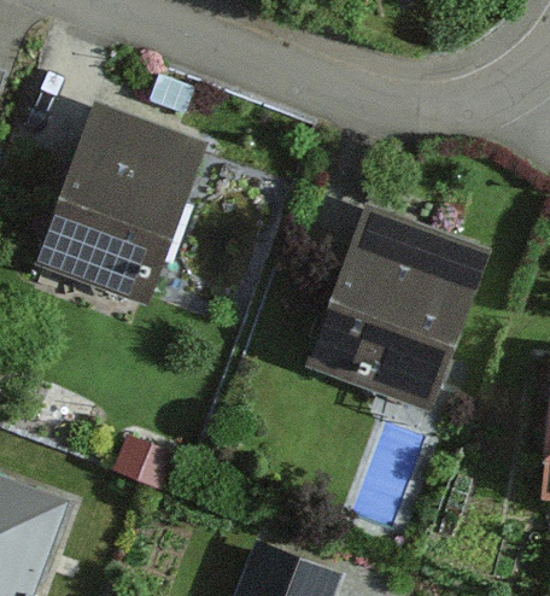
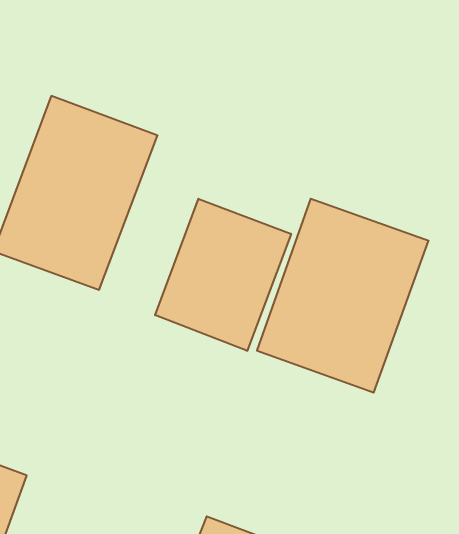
building: none -> [155,199,291,351]

